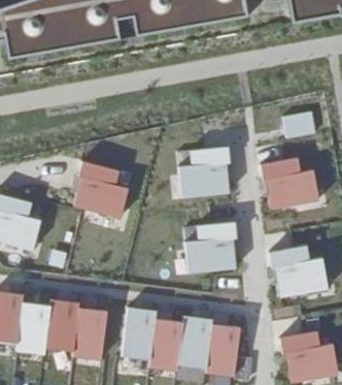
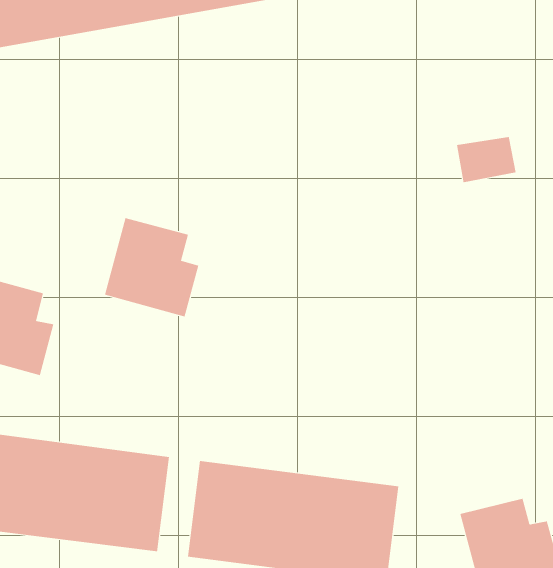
building: [179,145,233,198] -> none
building: [260,158,319,213] -> none
building: [187,221,240,275] -> none
building: [271,244,331,298] -> none

